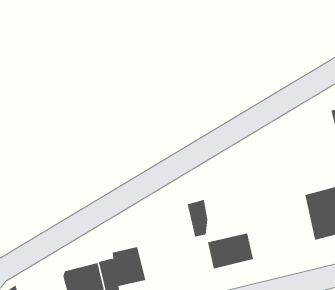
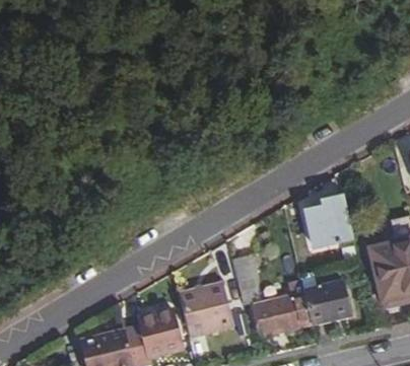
building: none -> [305,195,353,243]
building: none -> [304,283,351,324]
building: none -> [179,284,233,338]

